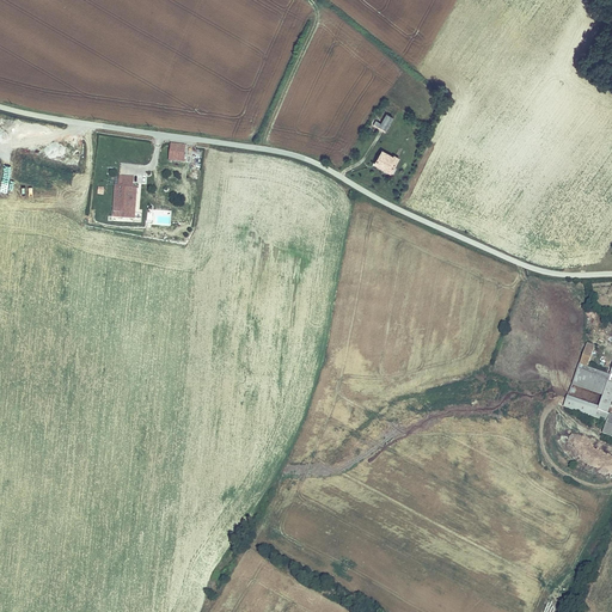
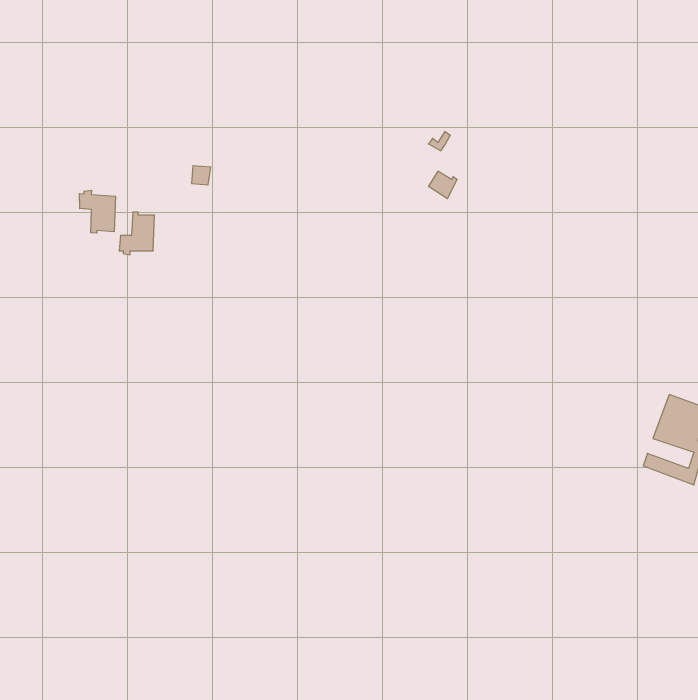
building: none -> [80,190,116,233]

